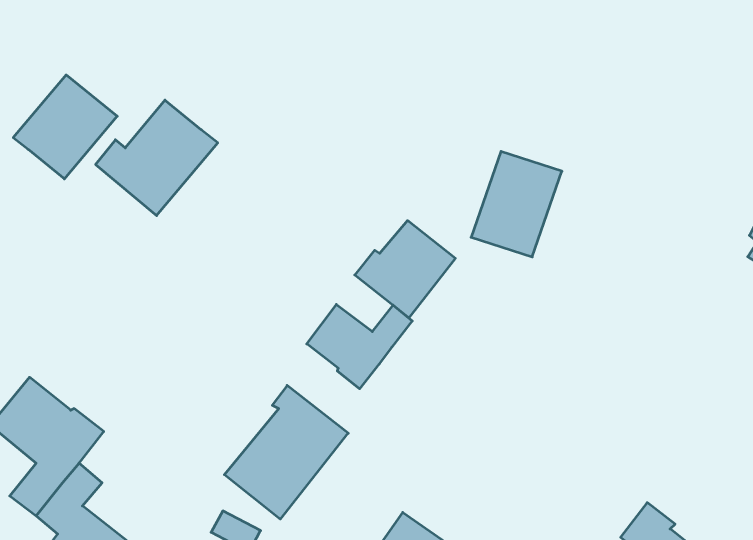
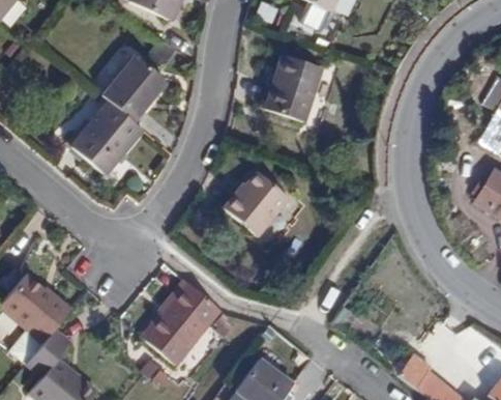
building: [13,75,117,179] -> [100,54,166,119]
building: [471,151,562,257] -> [258,54,315,120]
building: [307,304,412,389] -> none

